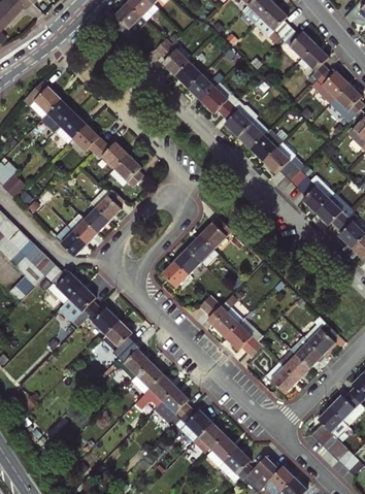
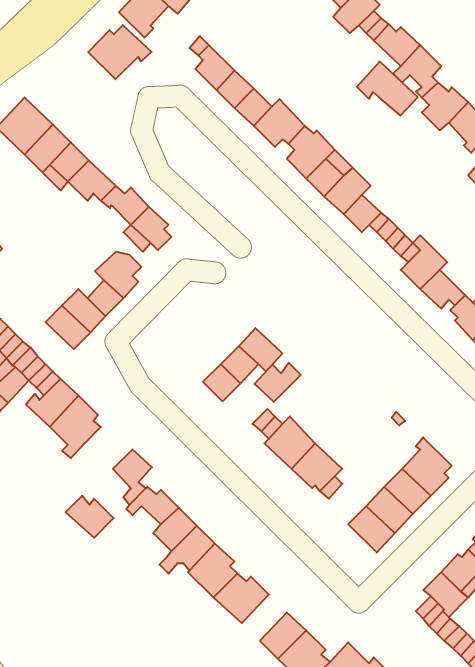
building: none -> [88,25,152,79]
building: none -> [357,61,418,116]
building: [202,225,234,252] -> [254,363,301,402]
building: [85,307,118,336] -> [66,496,114,538]
building: [193,423,224,455] -> none

